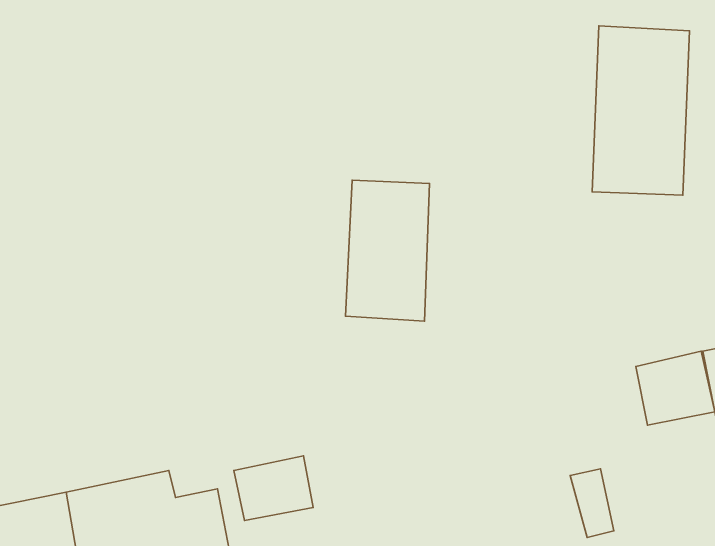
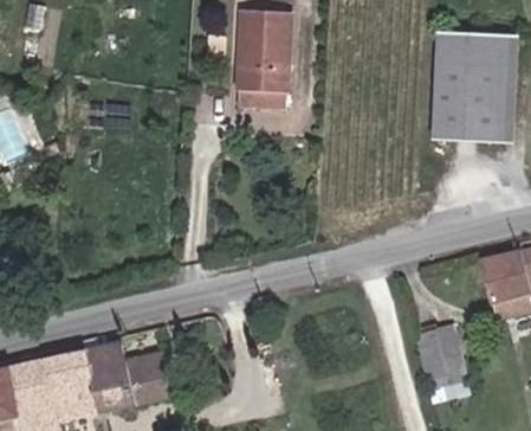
building: [345,180,429,321] -> [237,9,296,109]
building: [234,456,313,520] -> none

